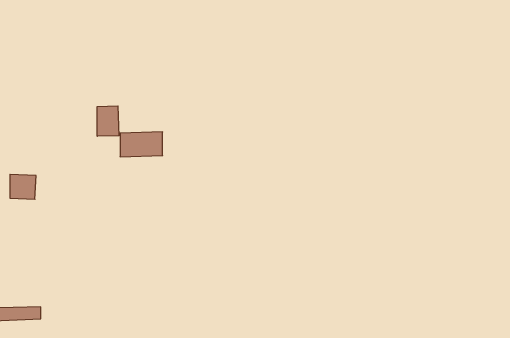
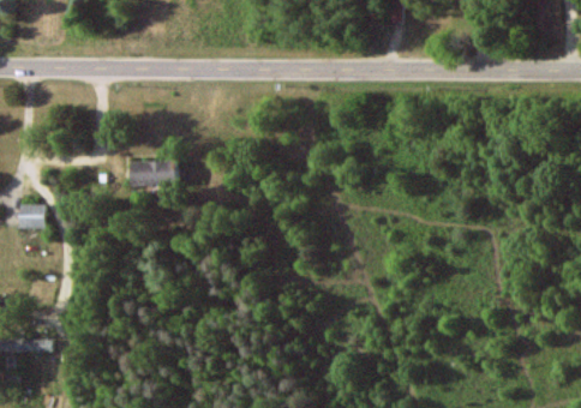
building: [97,106,119,136] -> none

